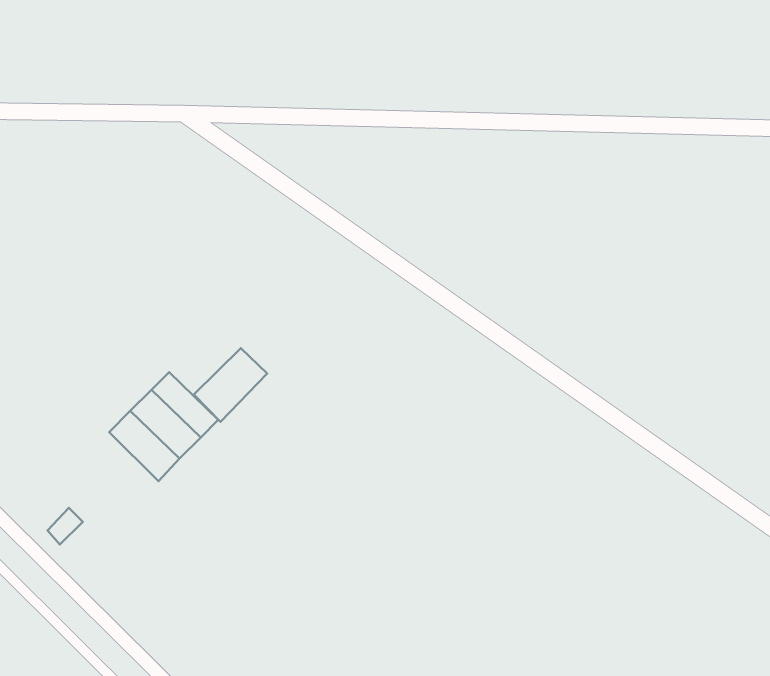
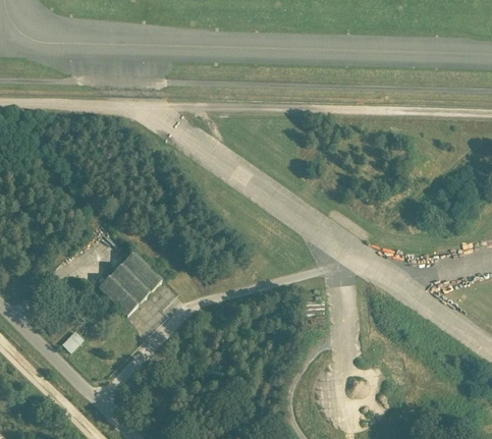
building: [194,348,267,422] -> none

